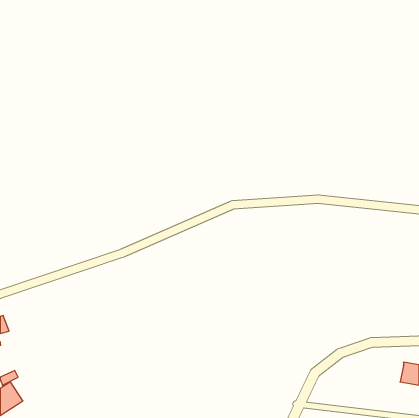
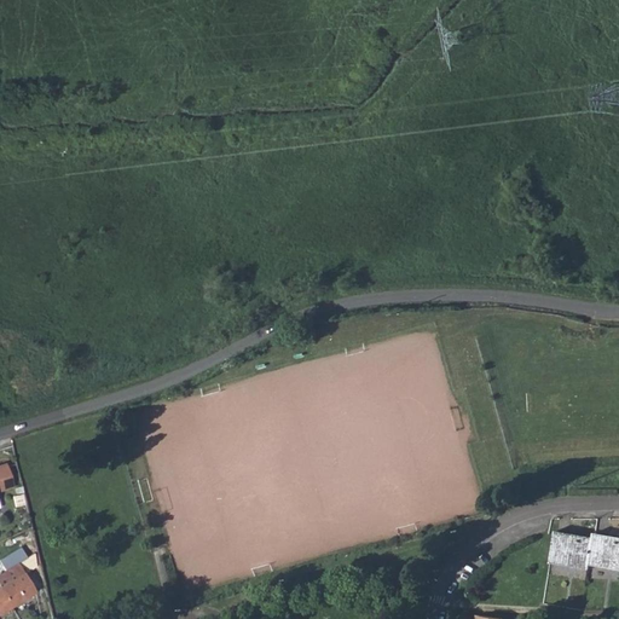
building: none -> [551,533,595,569]

